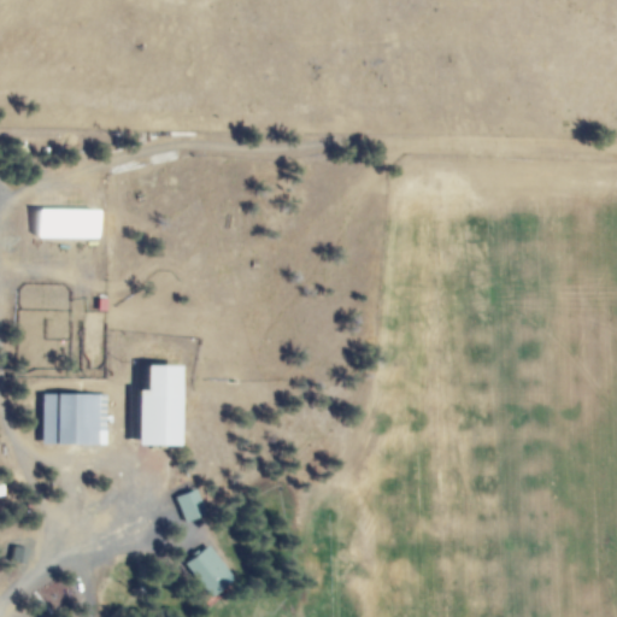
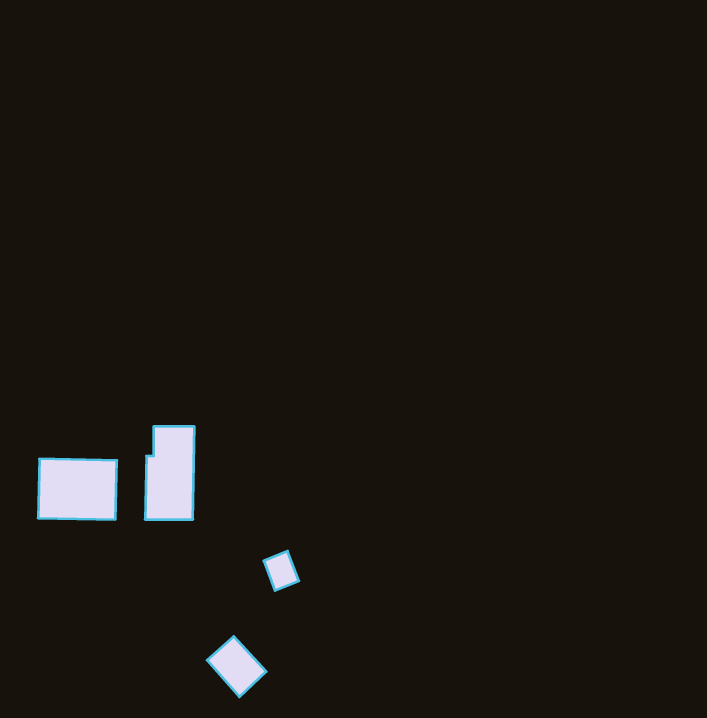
building: [37,210,98,236] -> none
building: [180,488,210,522] -> [264,551,299,591]

